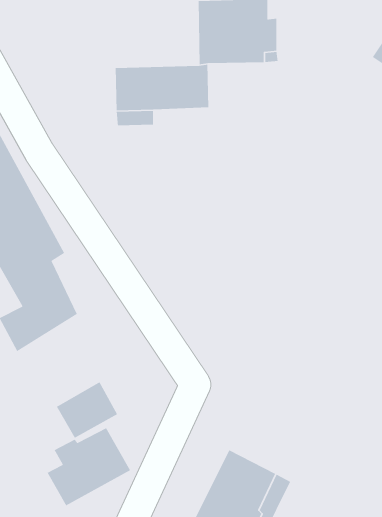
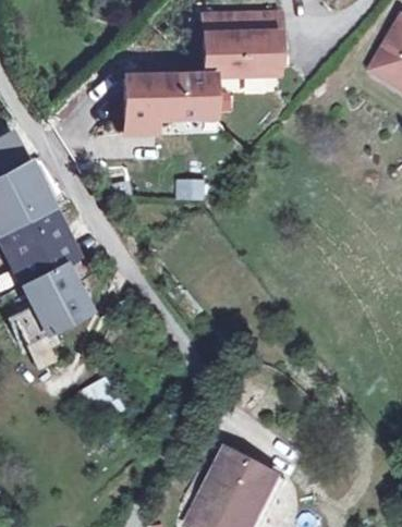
building: [46,427,131,506] -> none

